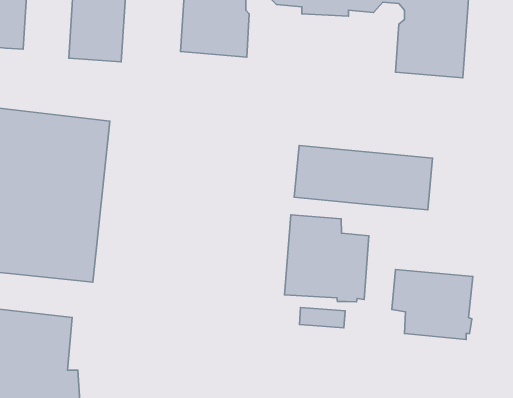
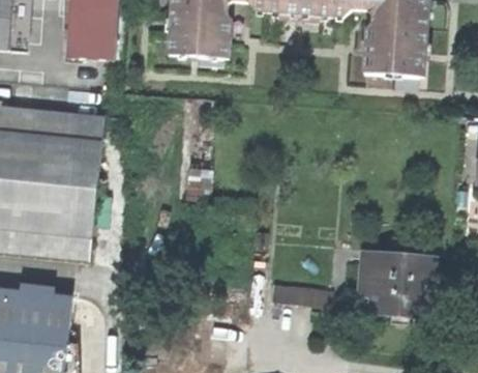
building: [294,145,433,210] -> none
building: [285,215,369,302] -> none

